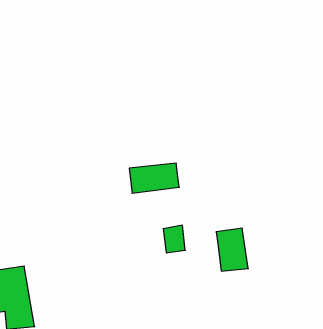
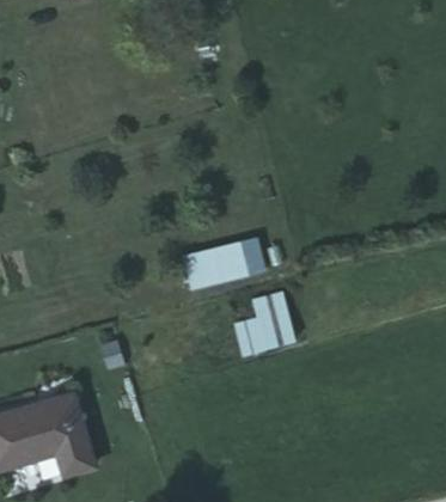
building: [216,228,248,271] -> [253,295,298,350]

